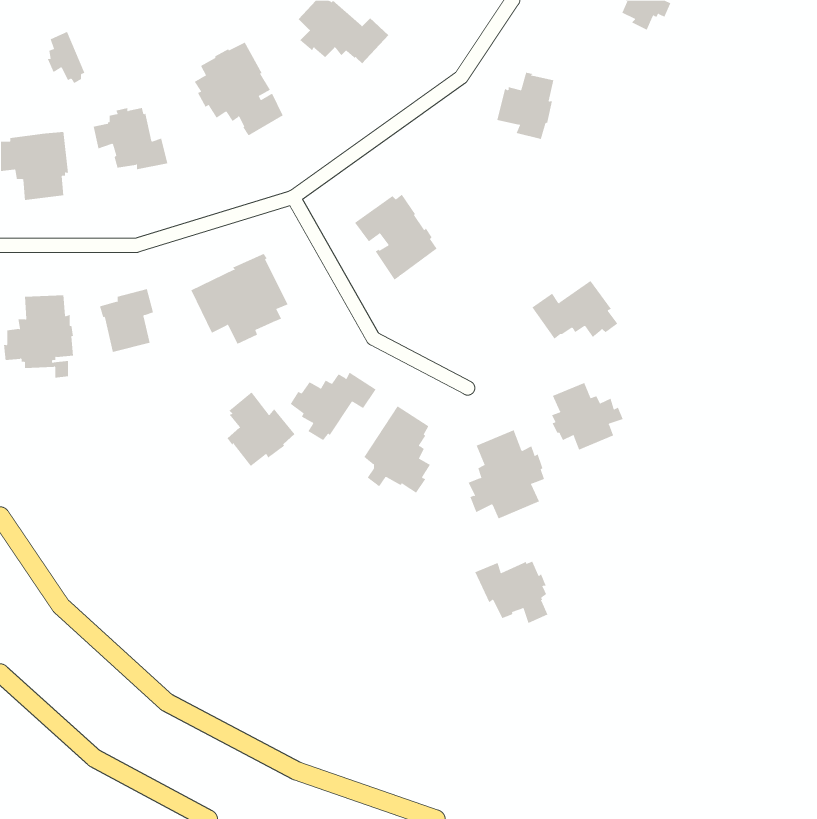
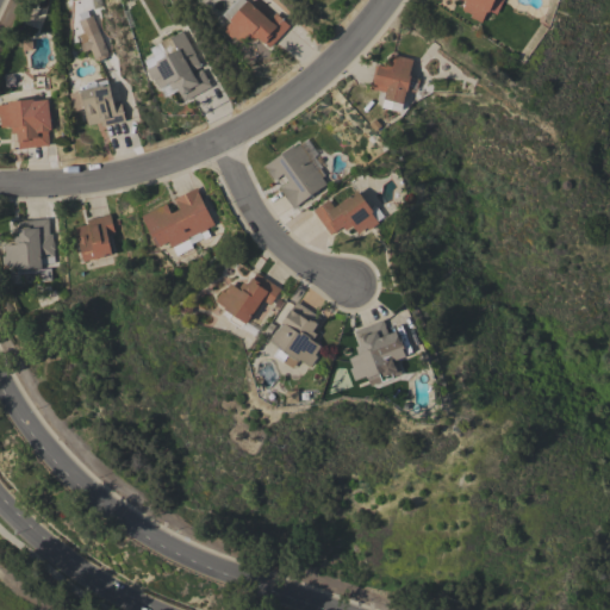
building: [47,31,85,84] -> [80,21,108,61]
building: [532,280,618,339] -> [315,191,379,235]
building: [551,382,624,450] -> none
building: [227,392,295,467] -> none
building: [475,561,548,624] -> none

